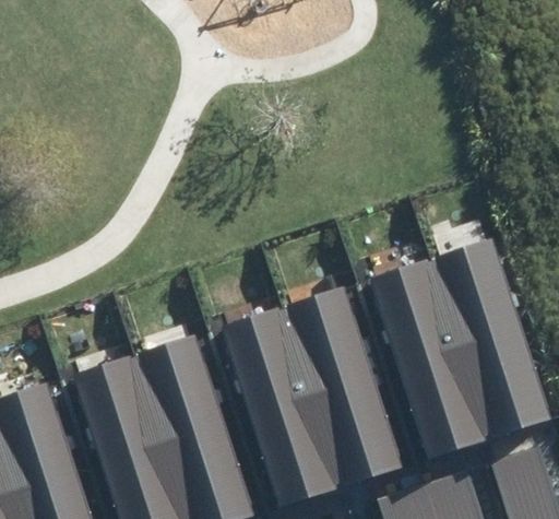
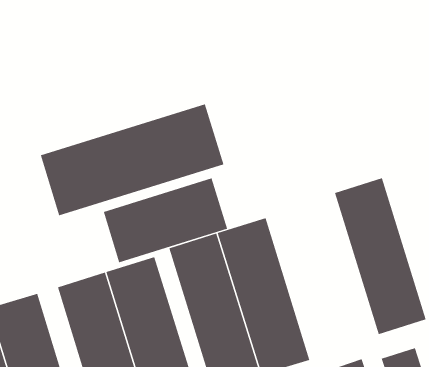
building: none -> [40,103,224,216]
building: none -> [103,177,228,263]
building: [367,258,487,460] -> none

